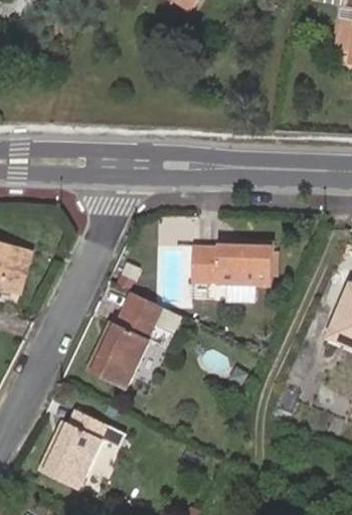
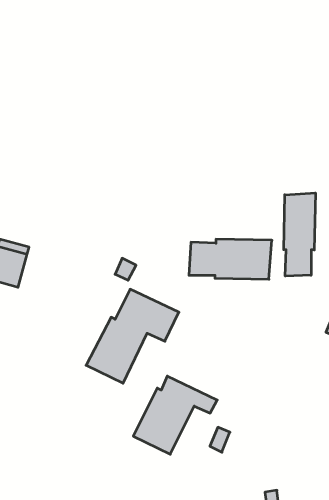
building: none -> [284,193,315,276]
building: [41,408,126,487] -> [133,376,217,454]

